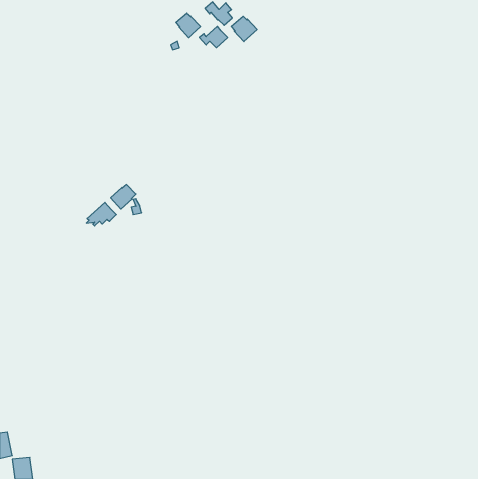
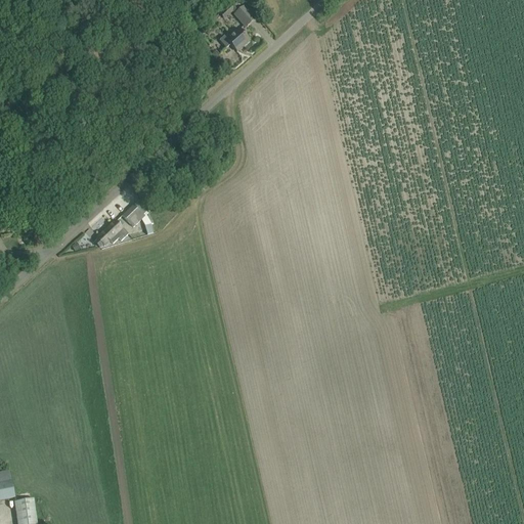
building: [176,13,201,38] -> none
building: [231,16,257,42] -> none

